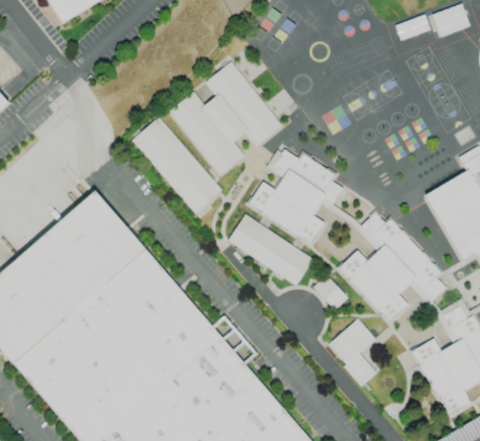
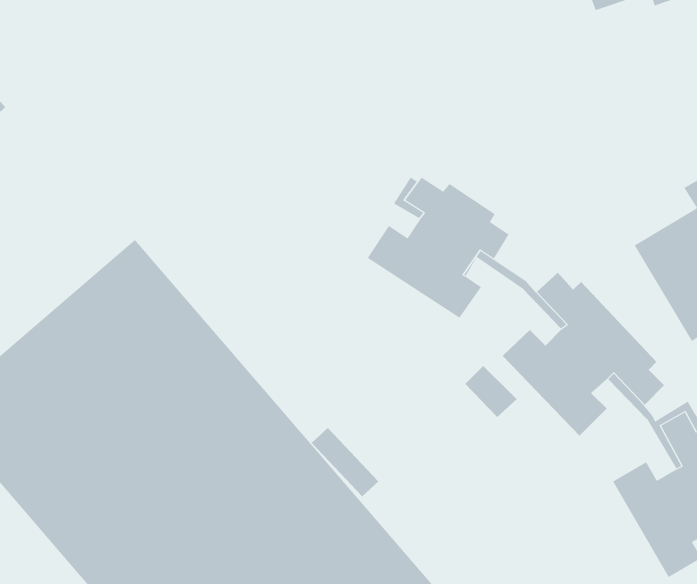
building: [167,62,282,177] -> none
building: [132,118,221,214] -> none
building: [228,214,313,286] -> none
building: [329,319,377,387] -> none

